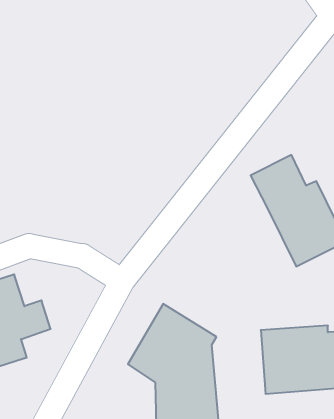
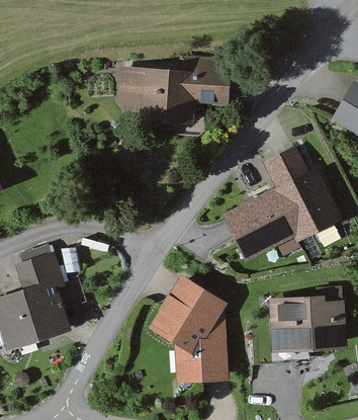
building: none -> [115,56,222,115]
building: none -> [225,192,301,262]

